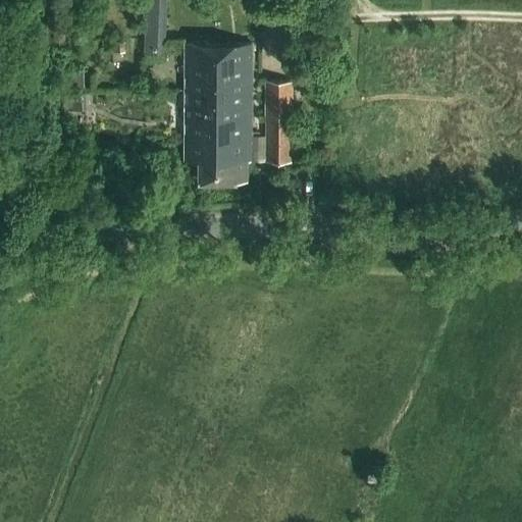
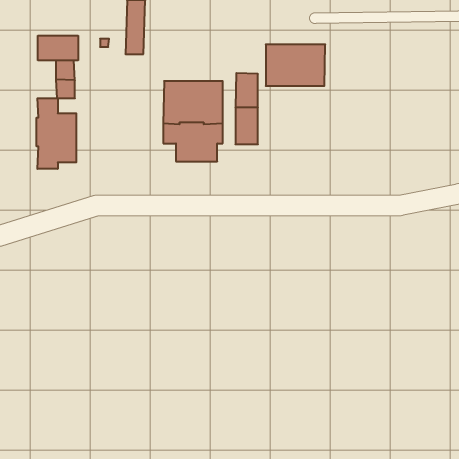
building: none -> [38,36,78,60]
building: [186,47,253,94] -> [266,44,325,86]
building: none -> [37,98,76,169]

